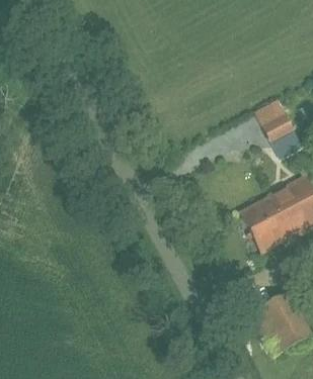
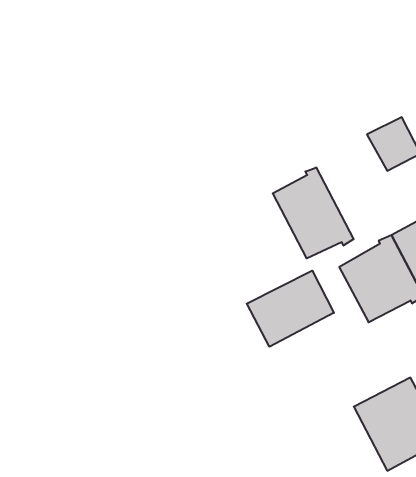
building: none -> [273,167,354,258]
building: none -> [247,271,334,347]

